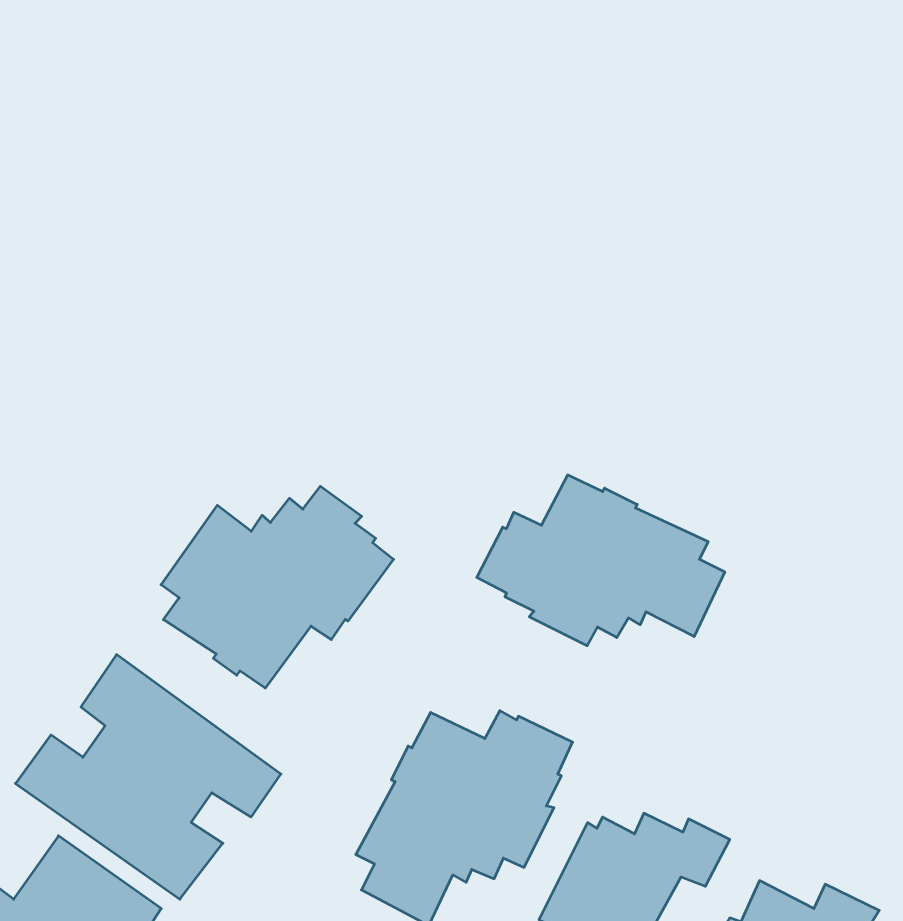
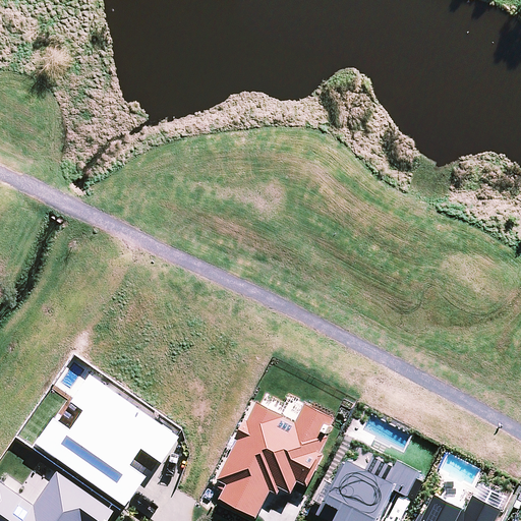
building: [477,475,725,646] -> none
building: [161,486,394,688] -> none

